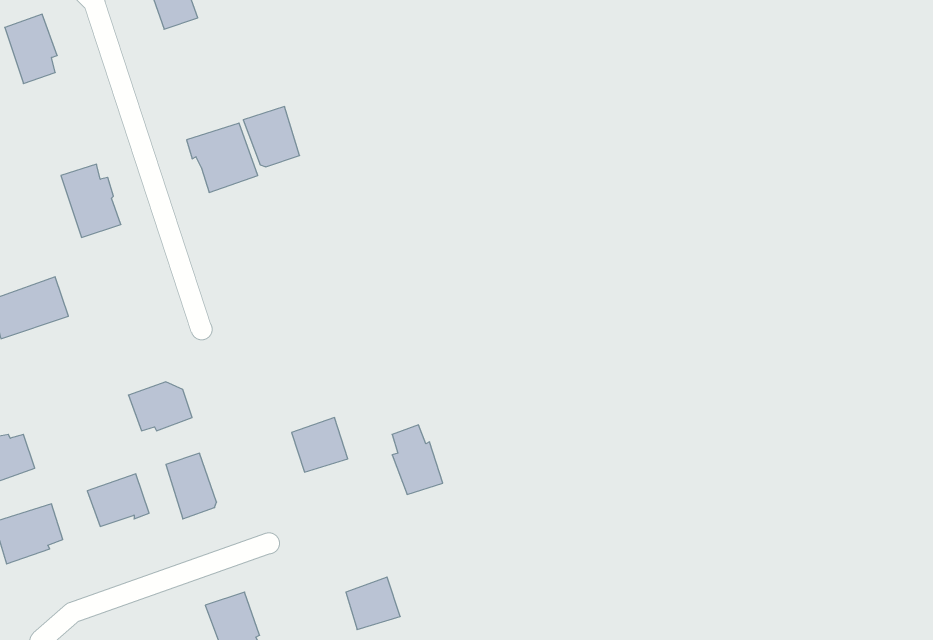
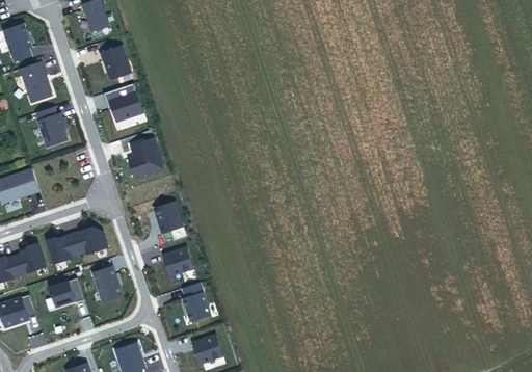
building: none -> [20,61,52,102]
building: [243,107,300,167] -> [100,45,131,78]
building: none -> [128,138,163,178]
building: none -> [155,202,182,233]
building: none -> [46,234,79,263]
building: none -> [14,243,45,274]
building: [392,425,443,494] -> [182,283,210,321]

